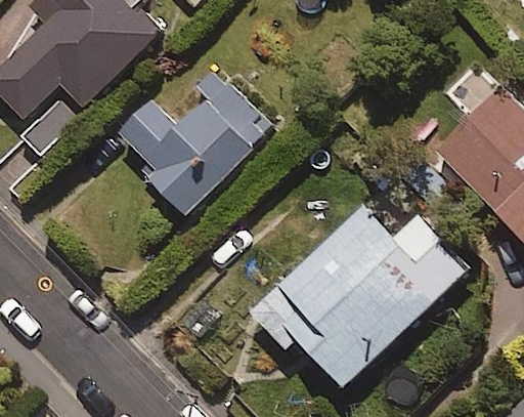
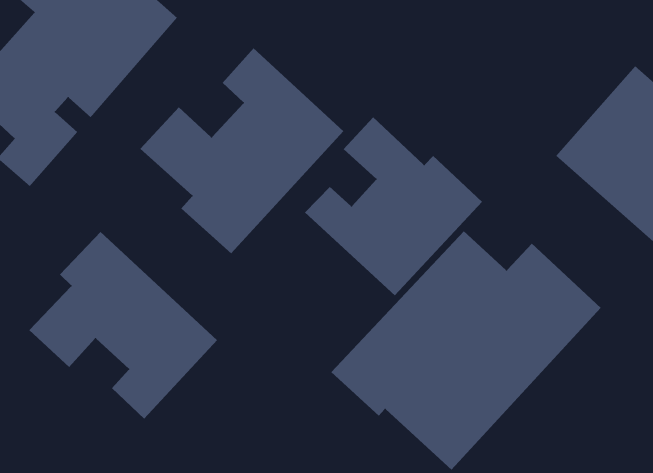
building: none -> [304,116,483,296]
building: none -> [28,231,218,420]

